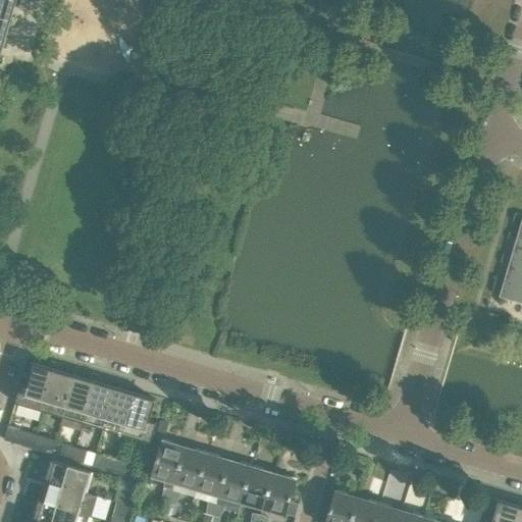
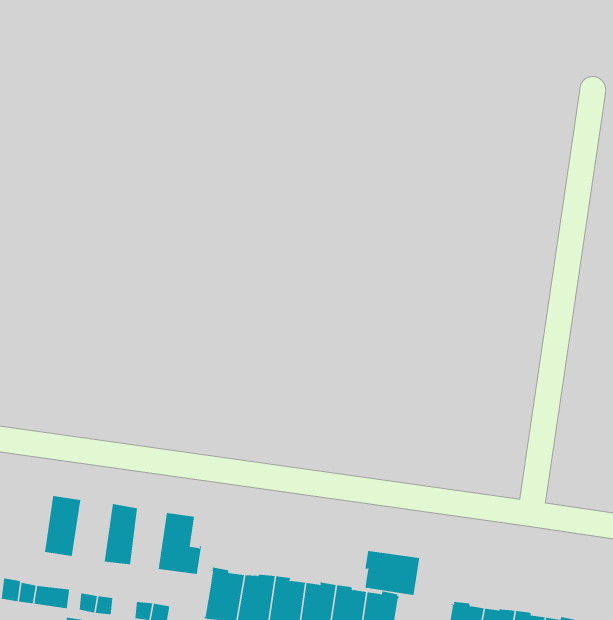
building: [15,365,53,411] -> none
building: [59,376,96,431] -> none
building: [103,388,135,435] -> none
building: none -> [365,550,420,596]

